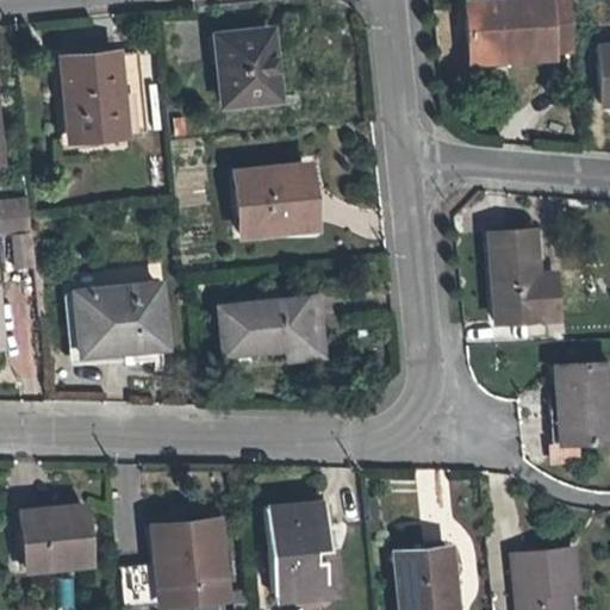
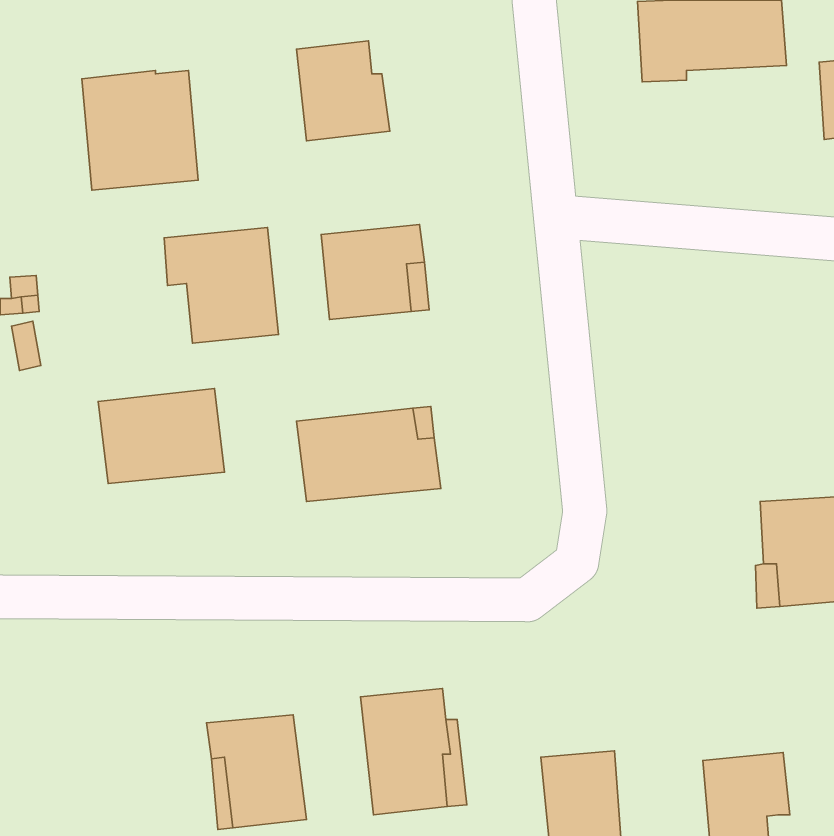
building: none -> [164,227,279,343]
building: [488,229,556,322] -> none
building: [19,504,89,569] -> none

